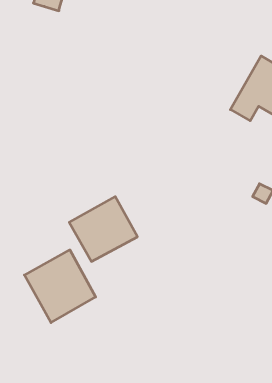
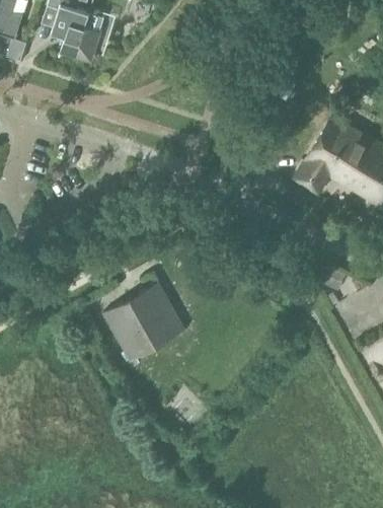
building: [24,250,96,323] -> none

